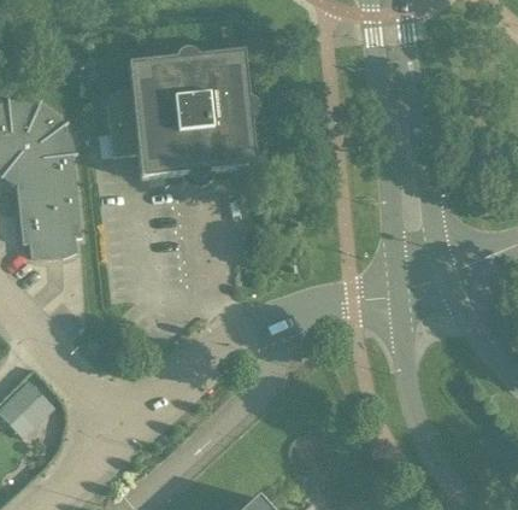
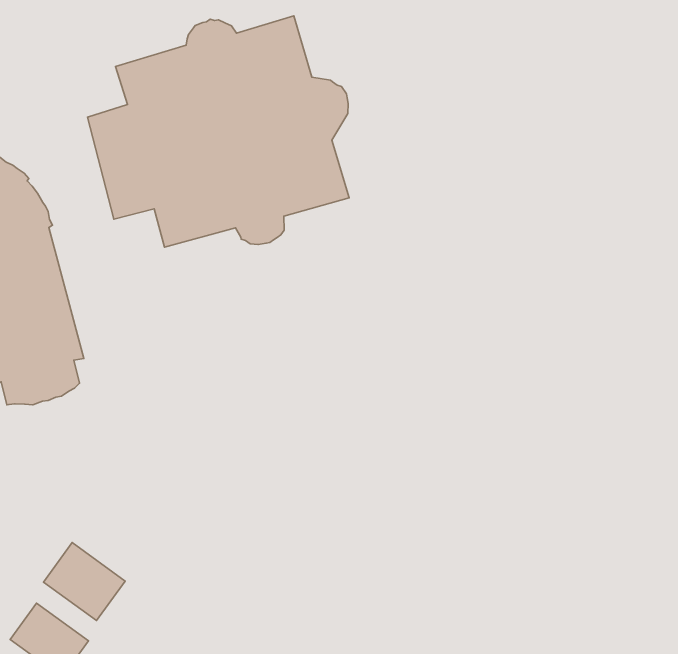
building: none -> [43,543,125,621]

